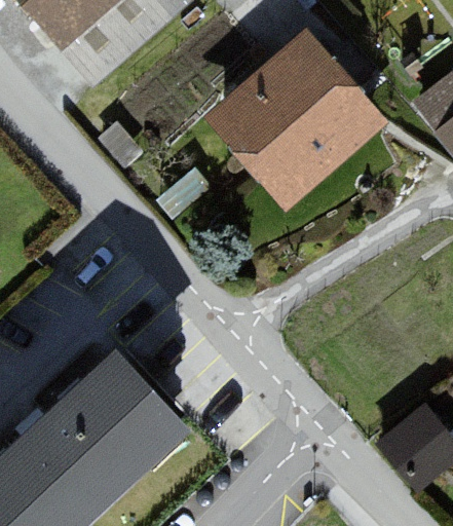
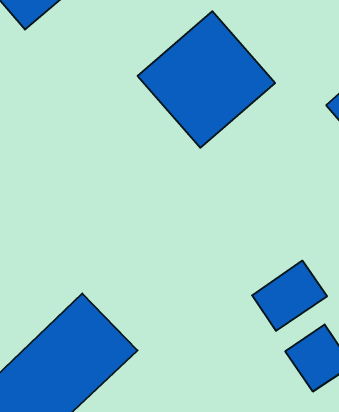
building: none -> [252,261,327,331]

